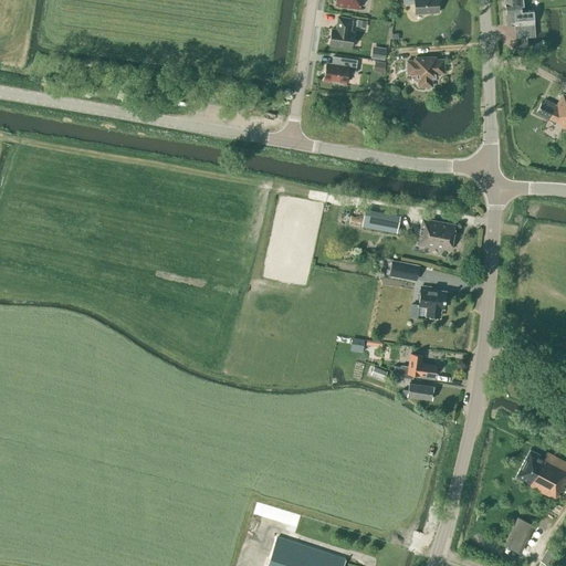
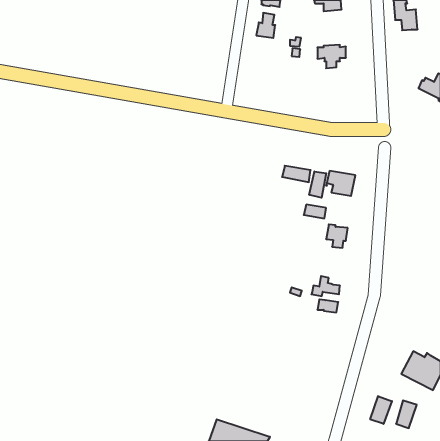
building: [324,56,358,85] -> none
building: none -> [309,171,326,198]
building: none -> [370,396,392,424]

